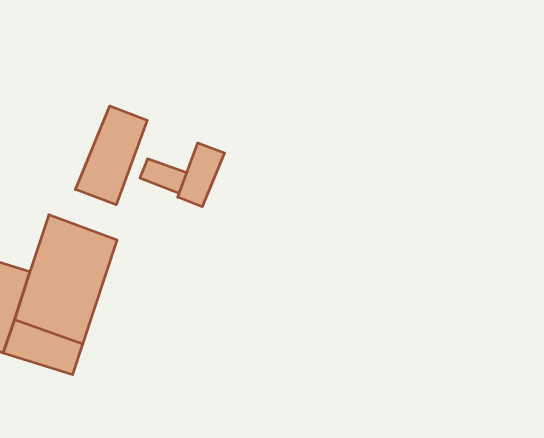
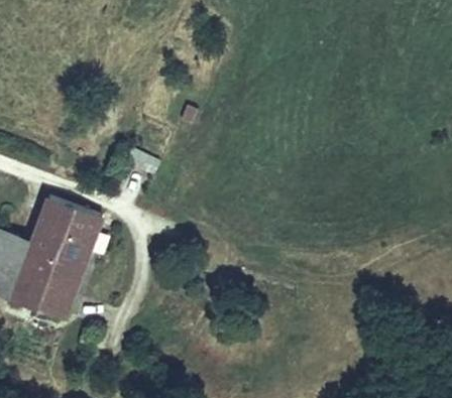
building: [75,106,147,205] -> none
building: [178,143,225,207] -> none

